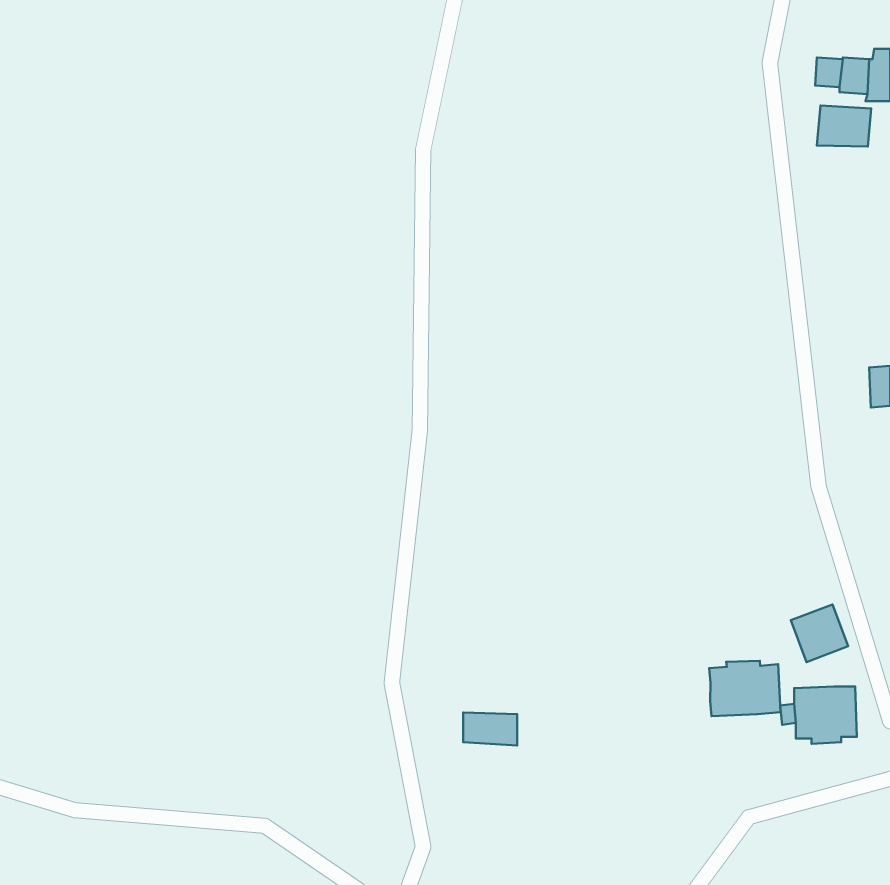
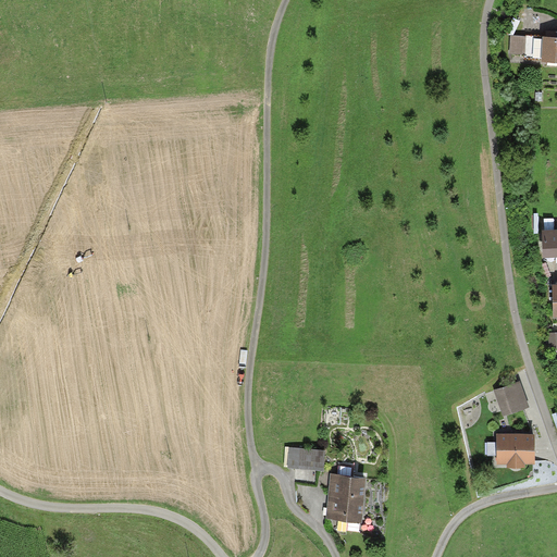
building: [817,105,871,146] -> none
building: [709,661,781,716] -> none
building: none -> [326,473,367,534]

